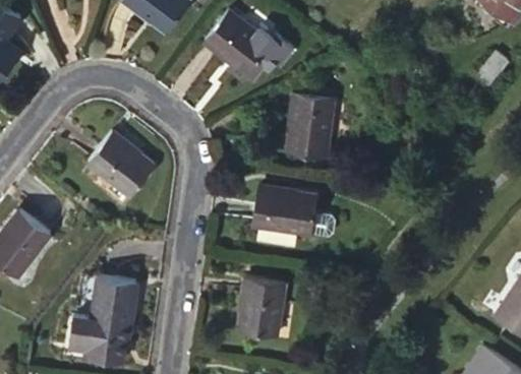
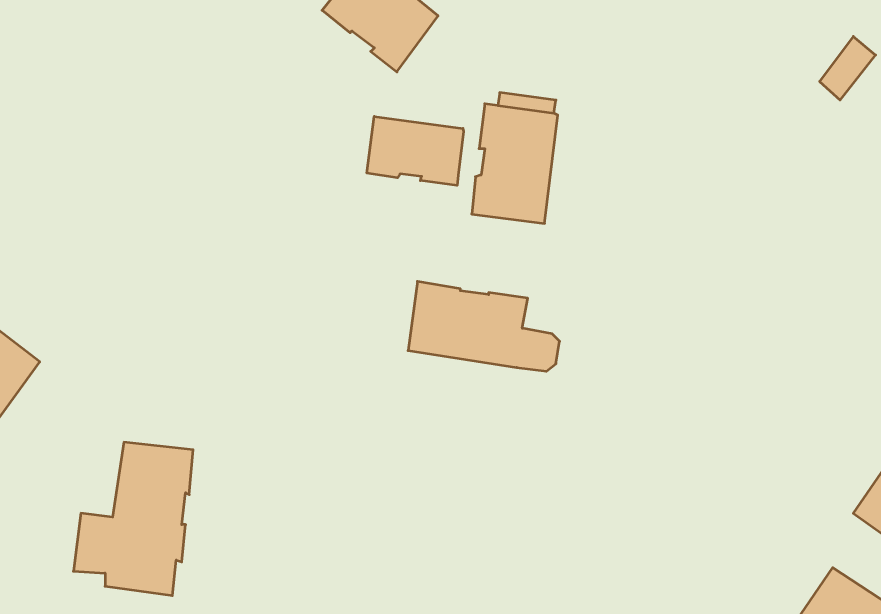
building: none -> [367,116,464,185]
building: [90,131,156,196] -> none
building: [239,277,286,336] -> none

